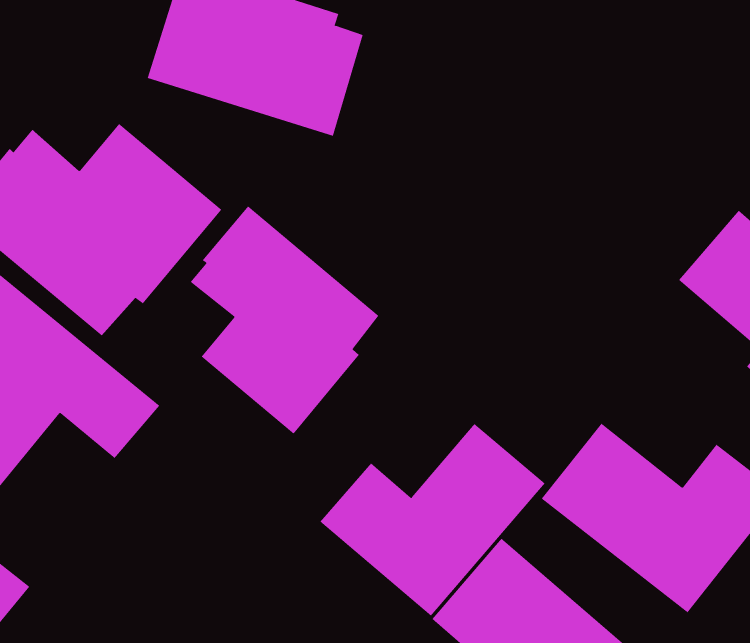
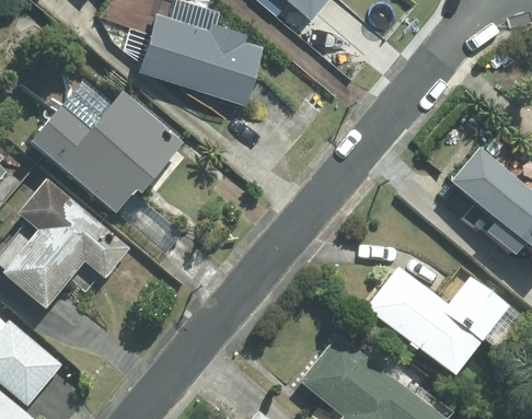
building: [190,206,379,434] -> none
building: [319,423,546,616] -> none

